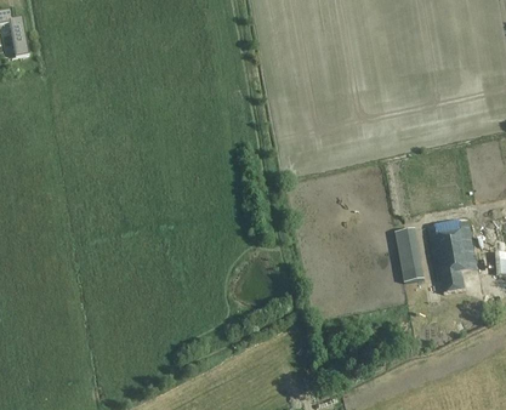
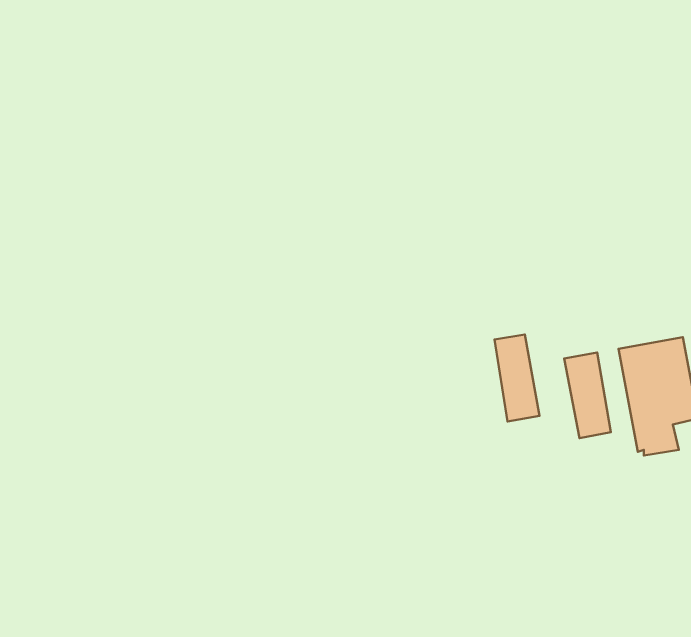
building: none -> [494,334,540,422]

